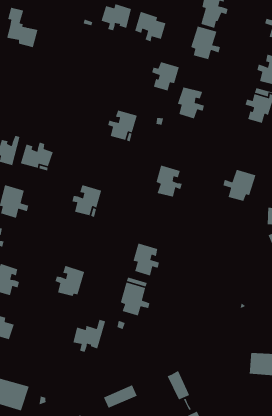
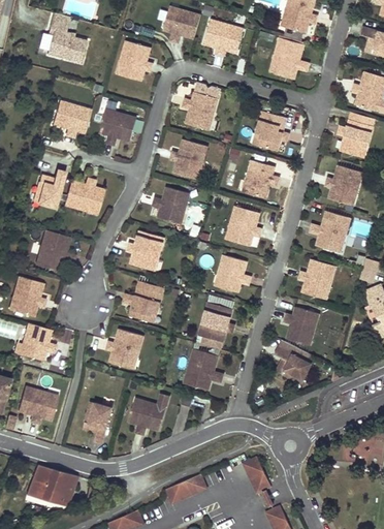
building: none -> [120,40,153,81]
building: [151,61,180,92] -> [183,91,218,128]
building: none -> [53,103,92,137]
building: none -> [99,111,136,145]
building: none -> [246,160,280,198]
building: none -> [326,164,363,204]
building: none -> [153,186,190,222]
building: none -> [218,254,252,292]
building: none -> [299,258,337,298]
building: none -> [123,280,164,320]
building: none -> [285,307,320,344]
building: none -> [275,346,312,379]
building: none -> [83,402,113,442]

